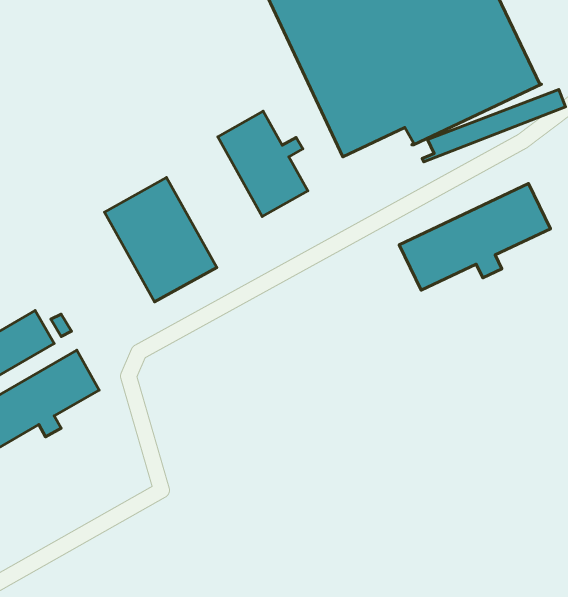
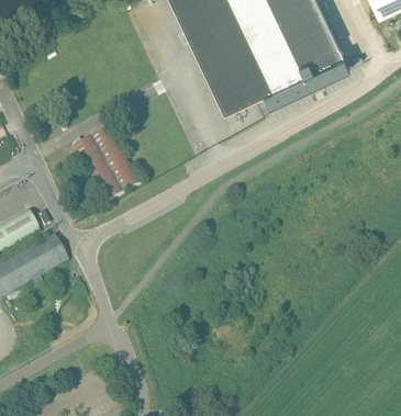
building: [218,111,308,216] -> none
building: [399,184,550,290] -> none

